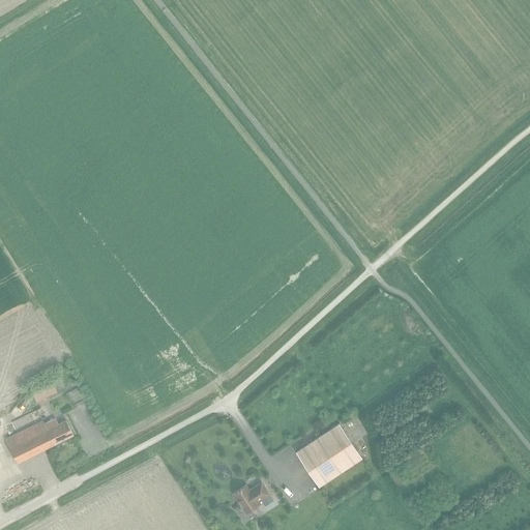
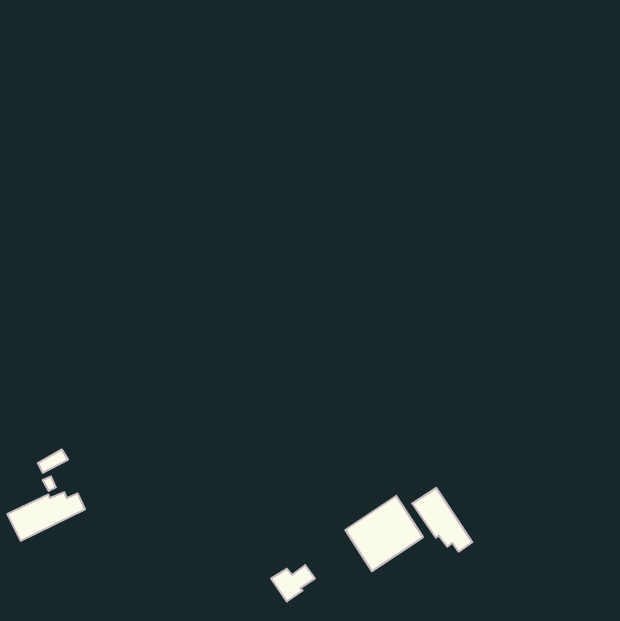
building: none -> [412,488,472,552]

